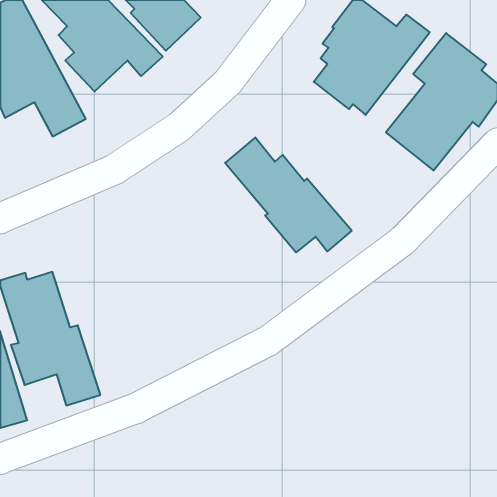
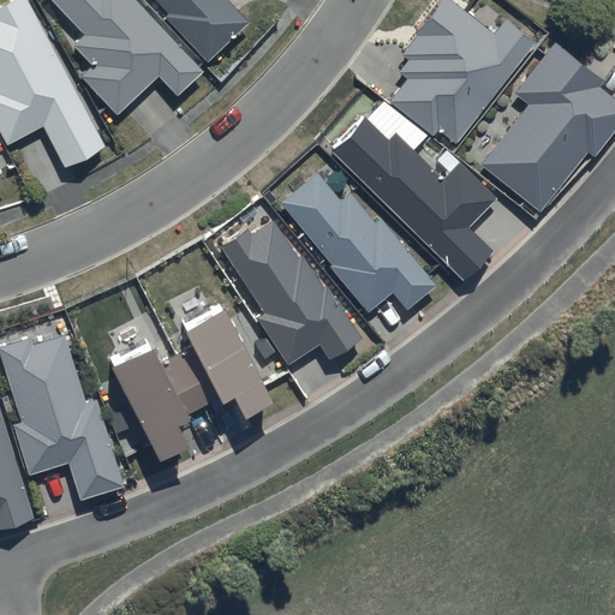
building: none -> [329,118,494,279]
building: none -> [220,220,360,365]
building: none -> [108,300,275,462]

